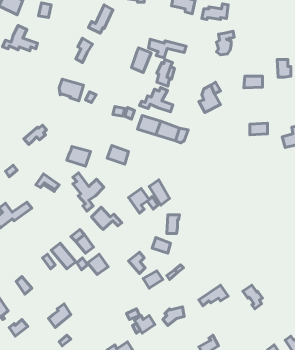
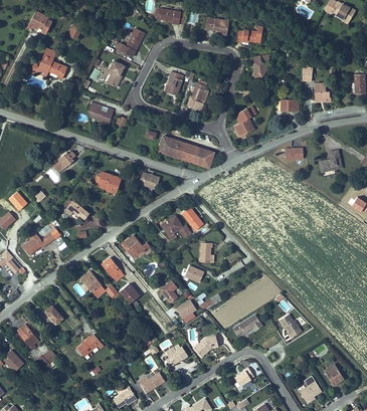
building: [148,39,186,58] -> none
building: [140,88,173,112] -> none
building: [73,173,104,211] -> none

